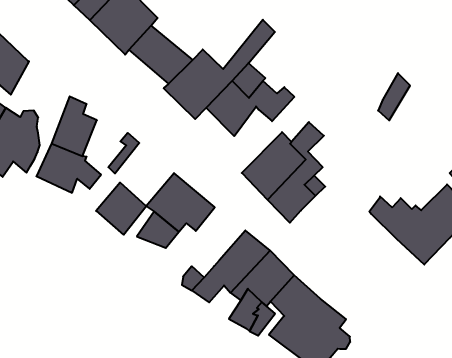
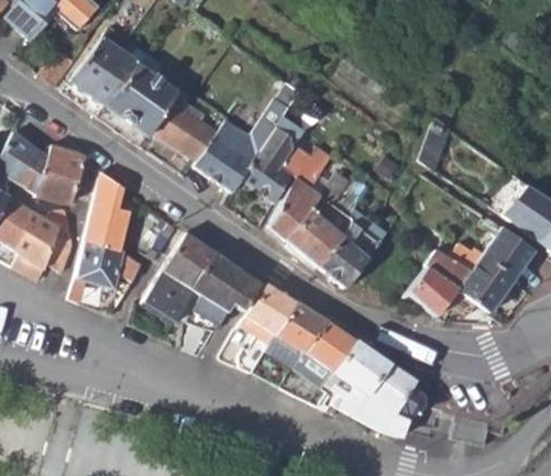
building: none -> [36,144,87,203]
building: none -> [267,168,354,243]
building: none -> [163,233,218,291]
building: none -> [243,284,300,344]
building: none -> [409,267,459,317]

